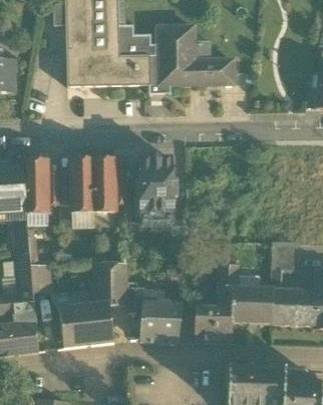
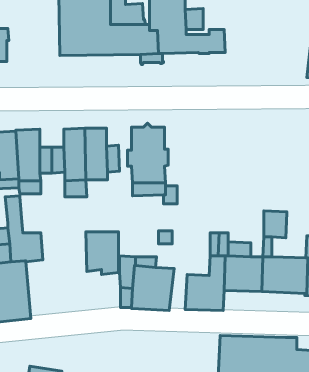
building: [60,301,114,347] -> none

